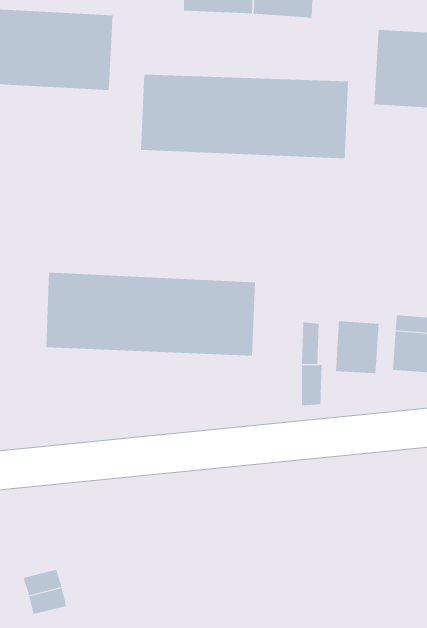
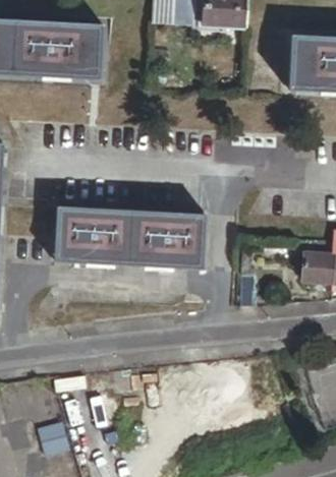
building: [140,74,349,159] -> none
building: [335,321,379,375] -> none

